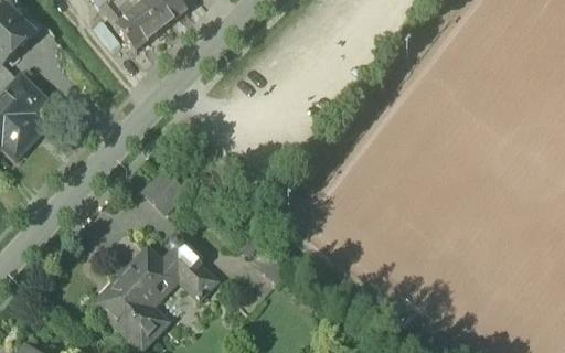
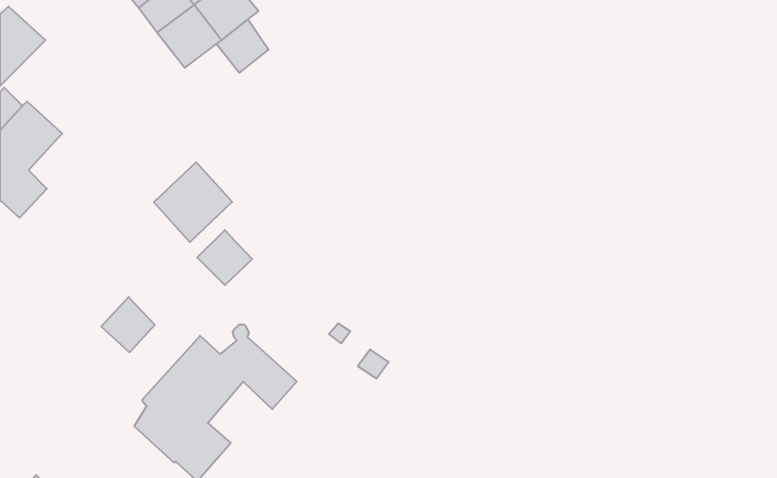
building: none -> [217,19,269,73]
building: none -> [154,162,232,242]
building: none -> [101,297,155,352]

